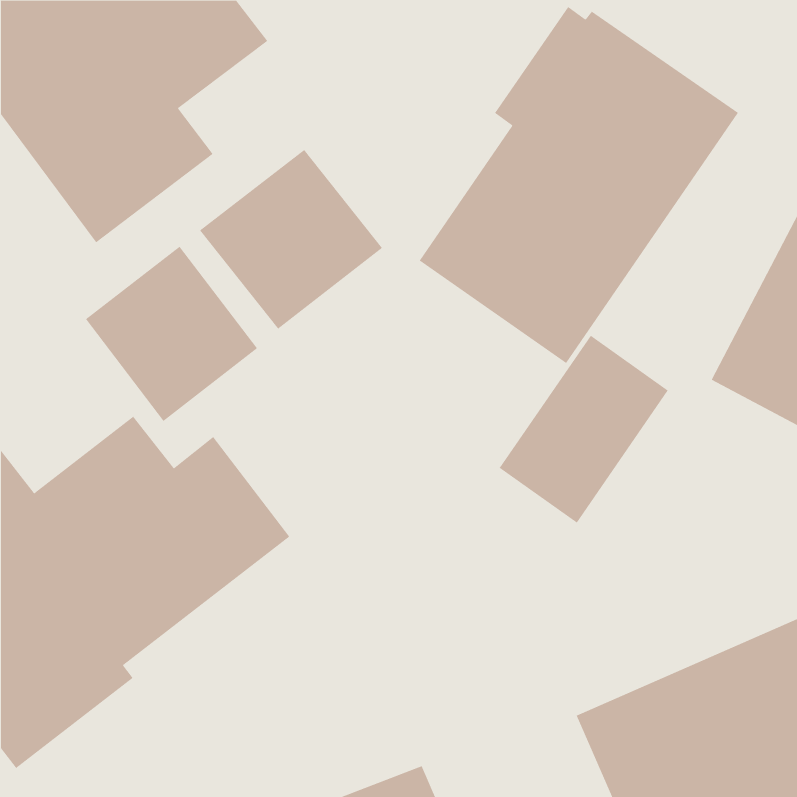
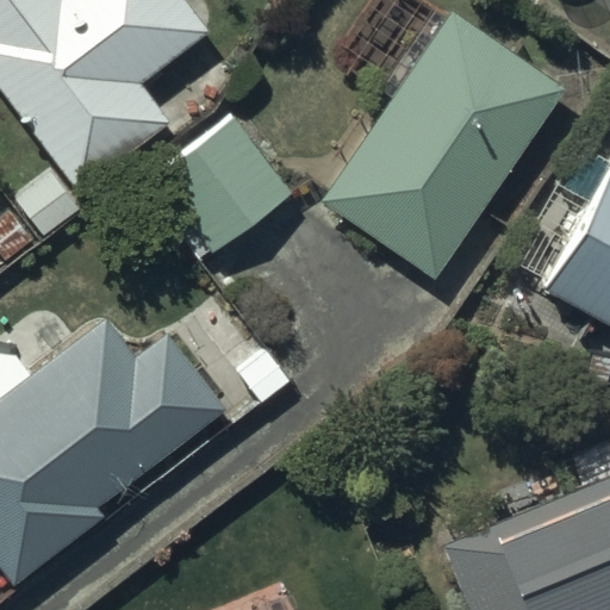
building: [85,246,258,422] -> none
building: [499,335,669,524] -> none

